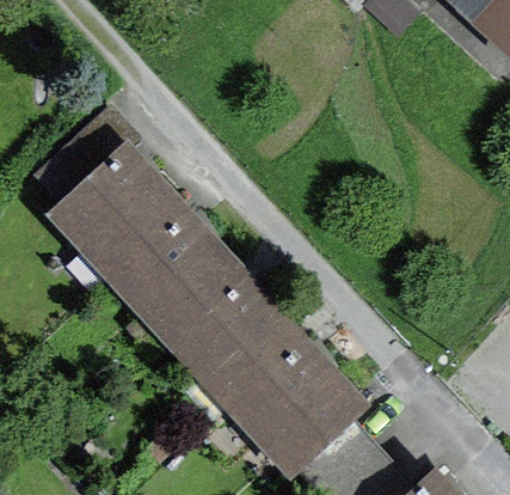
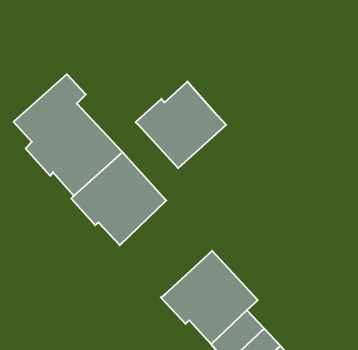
building: none -> [136,81,226,168]
building: [184,292,309,415] -> none

